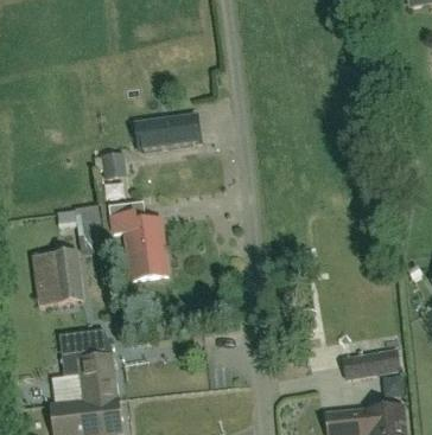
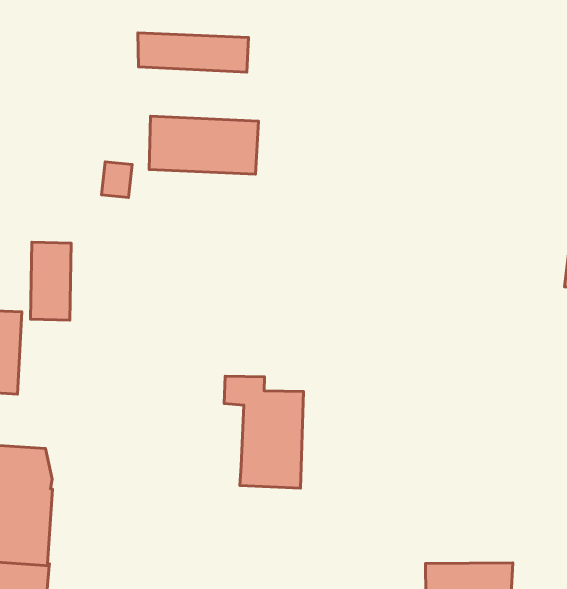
building: none -> [138,33,249,72]
building: [110,212,167,280] -> [224,376,303,488]

